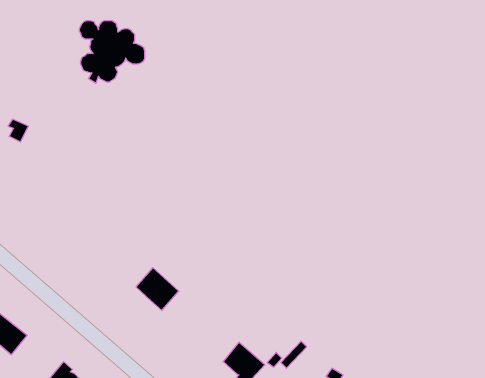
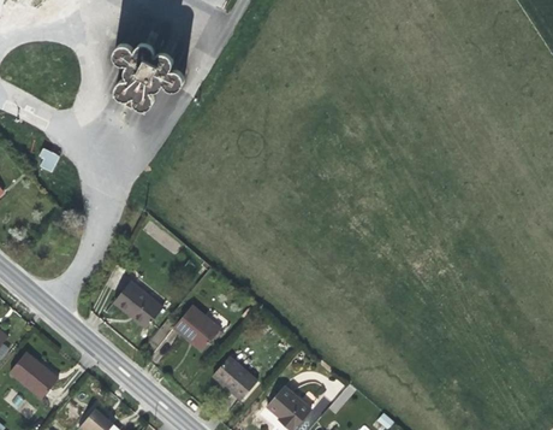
building: none -> [115,279,163,326]
building: none -> [213,355,257,399]

